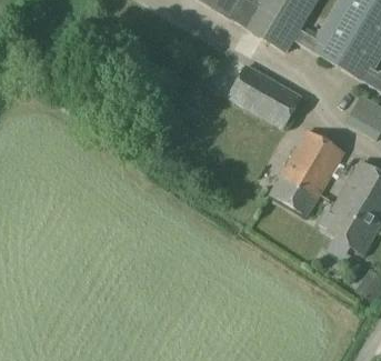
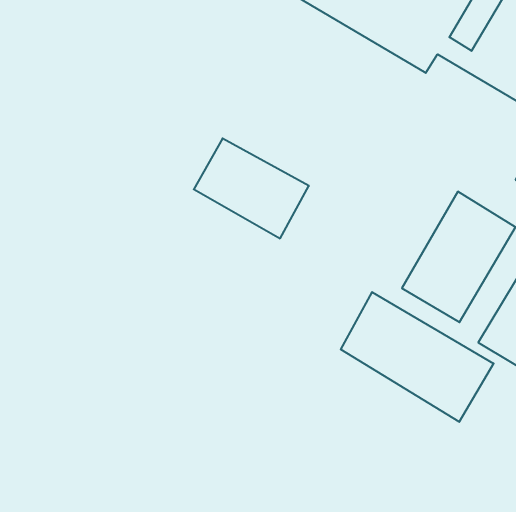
building: [227,62,302,128] -> [194,138,309,238]
building: none -> [341,292,494,422]

